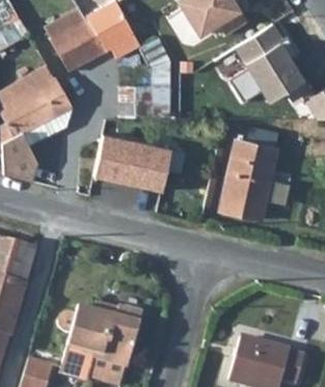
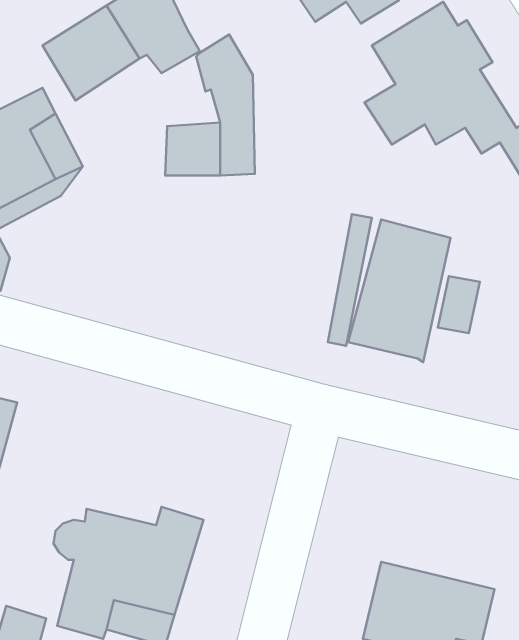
building: [90,135,169,194] -> none

